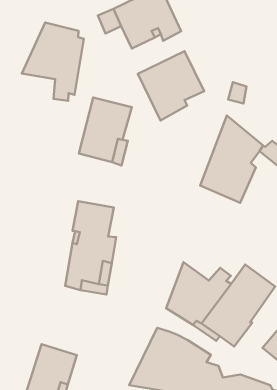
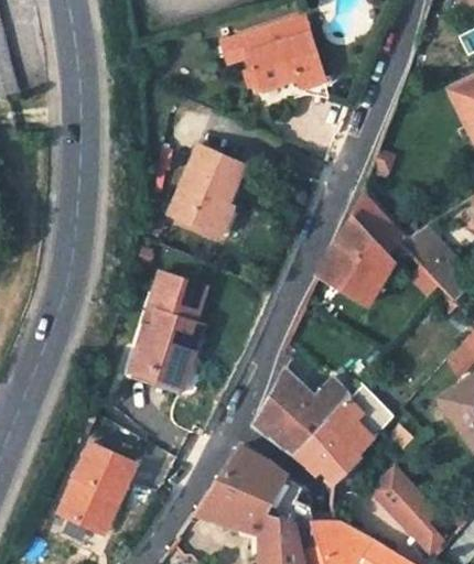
building: [22,22,84,101] -> none
building: [138,51,204,120] -> none

